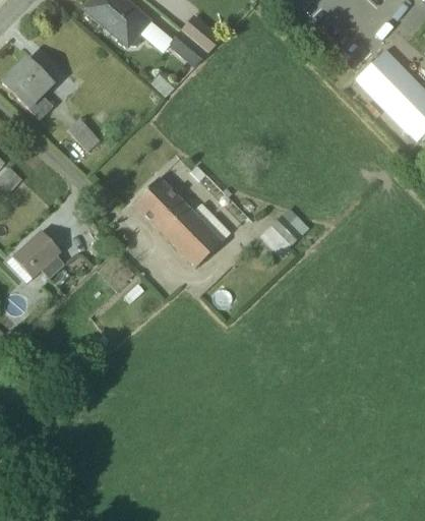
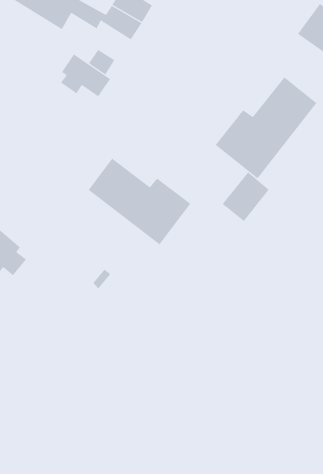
building: none -> [60,53,111,97]
building: [67,117,100,151] -> none
building: none -> [215,77,317,179]

